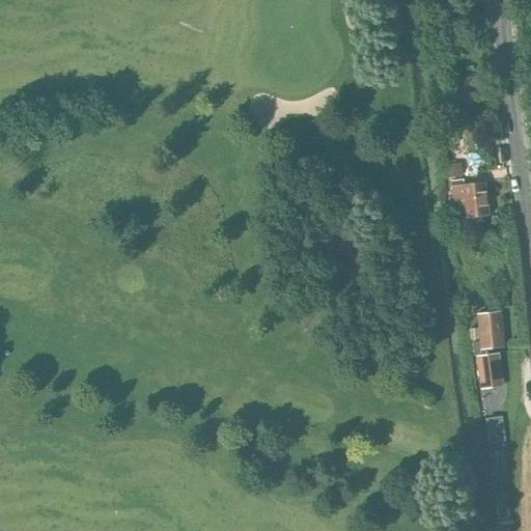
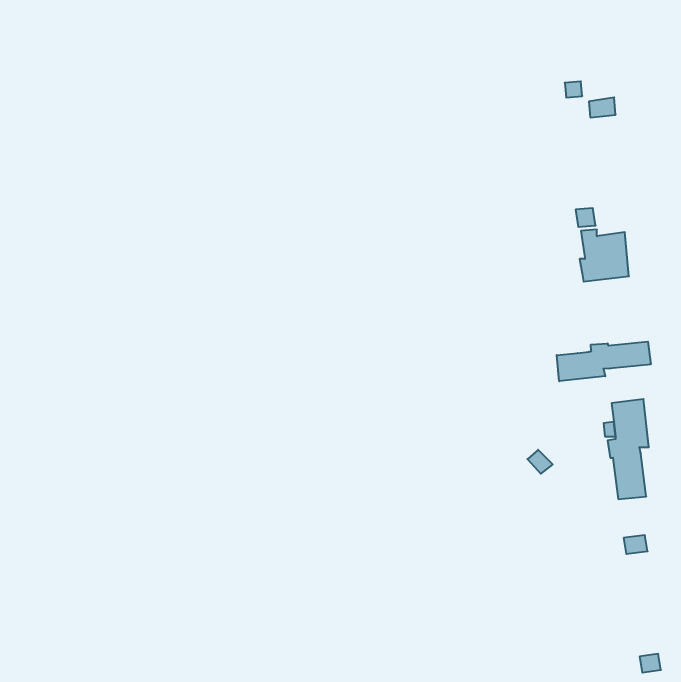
building: none -> [557,342,651,381]

